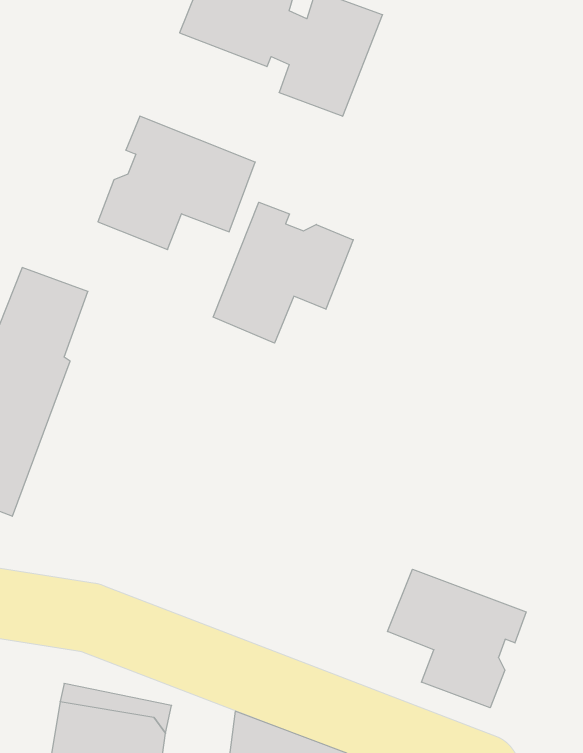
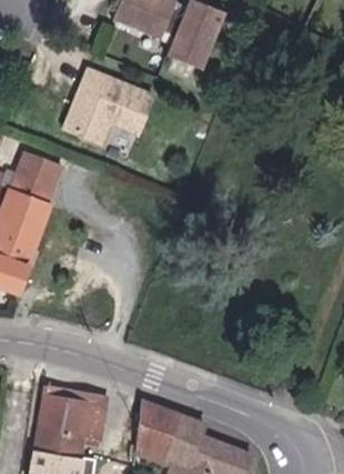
building: [213,202,353,343] -> none
building: [388,569,526,708] -> none

